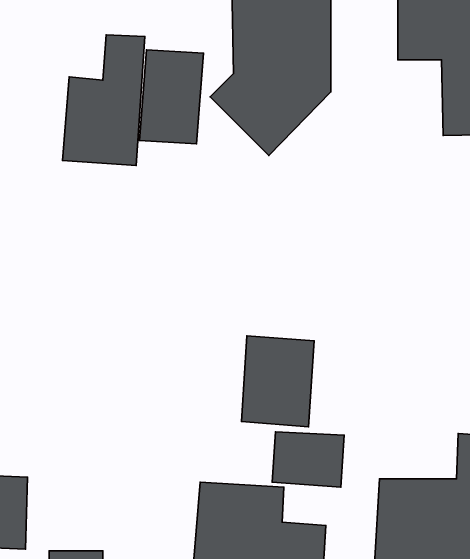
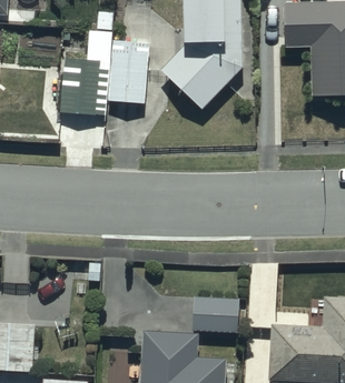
building: [241,336,314,427] -> none

